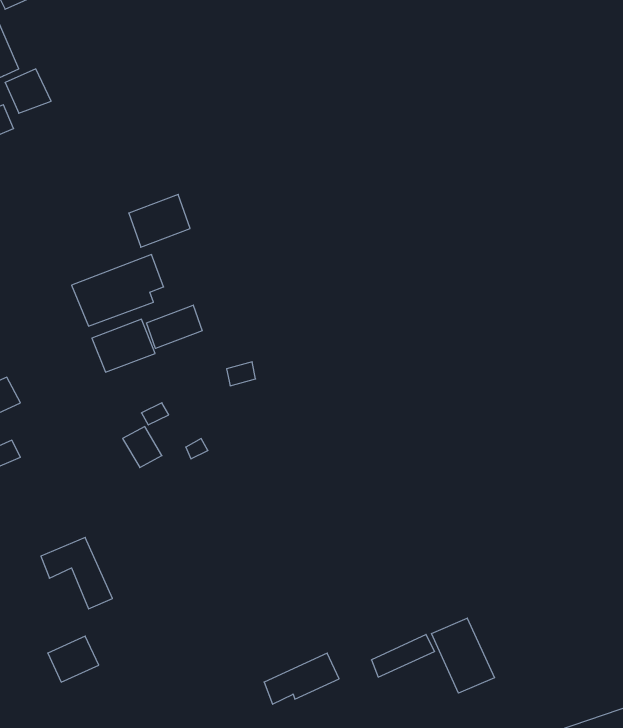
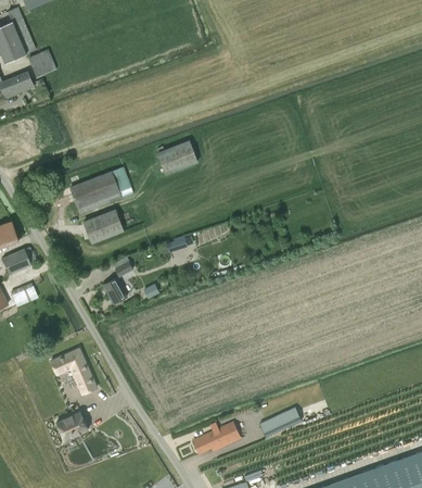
building: [129,194,190,247] -> [158,140,197,174]
building: [146,305,202,348] -> none
building: [431,618,494,693] -> none

